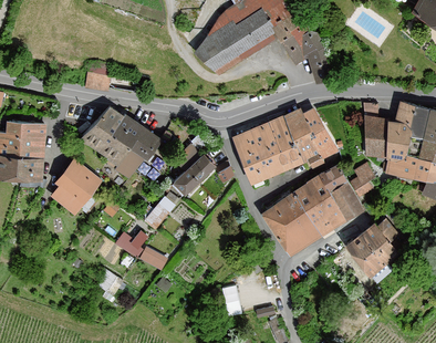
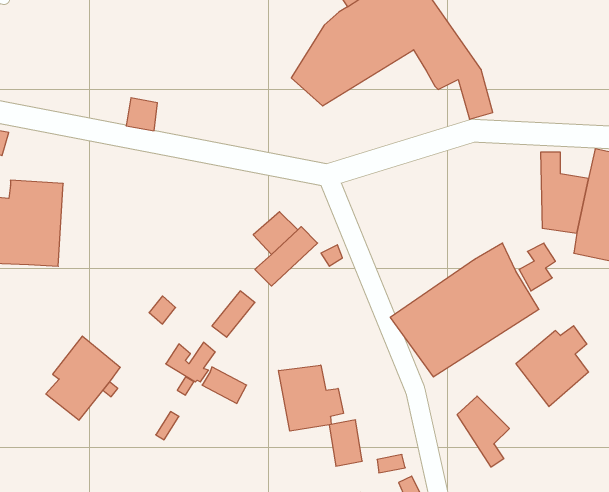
building: [79,104,155,179] -> none
building: [233,108,336,184] -> none
building: [52,157,102,214] -> [46,336,120,420]
building: none -> [279,365,343,431]
building: none -> [457,396,509,467]

